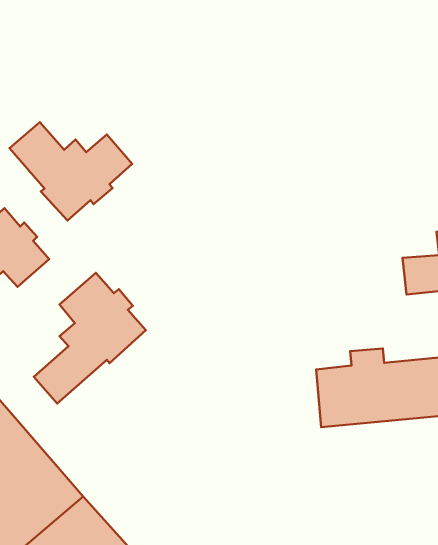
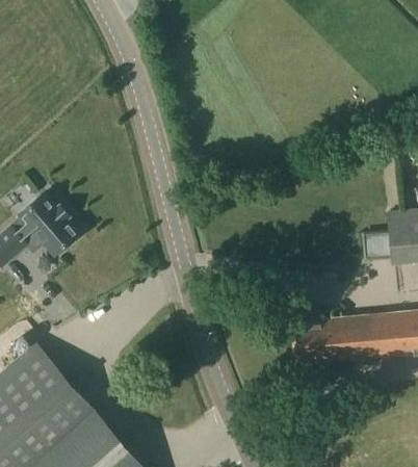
building: [9,122,132,221] -> none
building: [34,273,146,403] -> none

